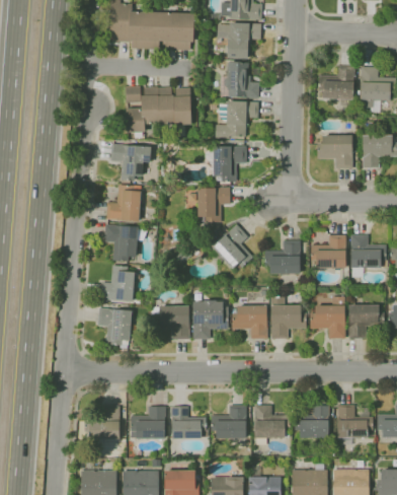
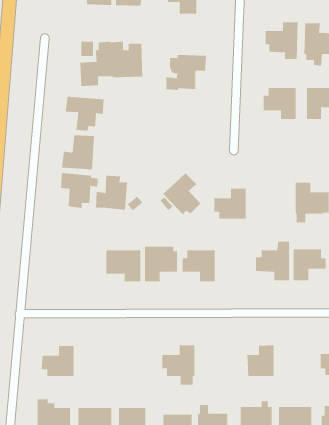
building: [220,62,259,97] -> none
building: [205,146,246,182] -> none
building: [197,188,231,221] -> none
building: [311,234,345,268] -> none
building: [100,265,135,301] -> [95,175,128,210]
building: [270,297,307,339] -> none
building: [97,308,132,345] -> none
building: [254,405,291,444] -> none
building: [337,405,373,444] -> none
building: [131,406,165,438] -> none
building: [169,407,208,438] -> none

